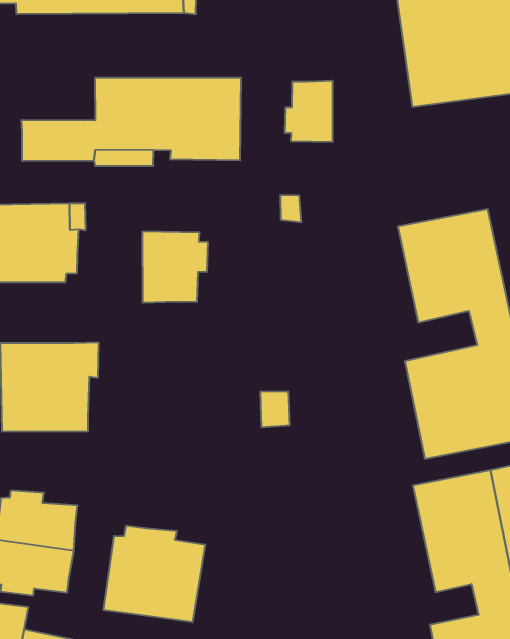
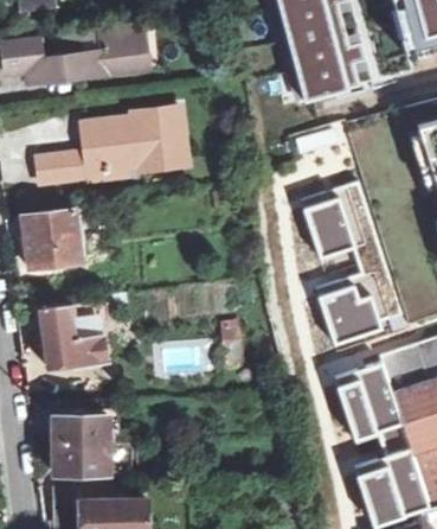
building: [285,81,332,142] -> none
building: [143,231,208,303] -> none
building: [104,526,205,622] -> none

